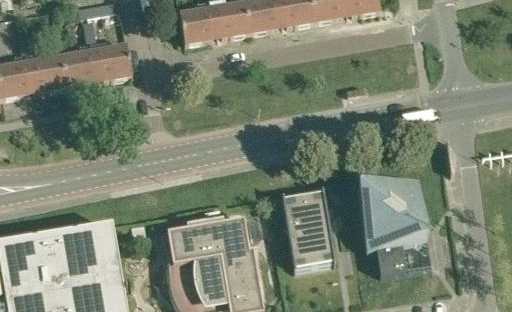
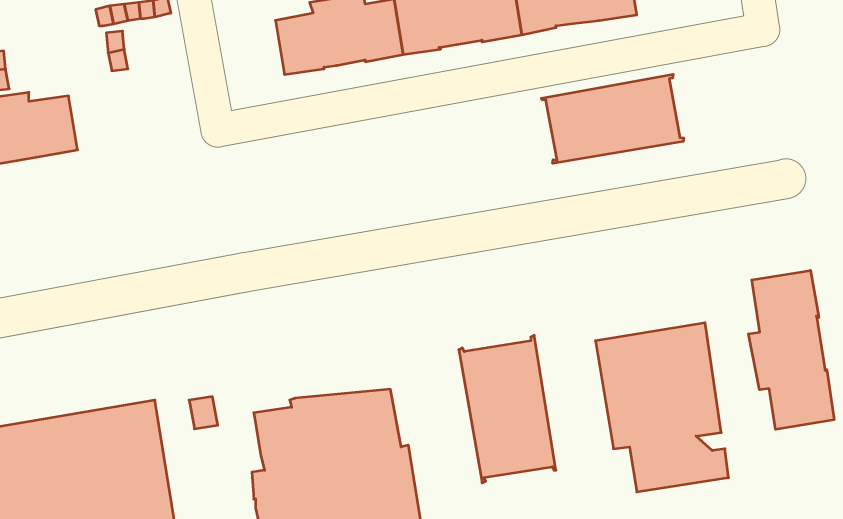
building: [63,41,131,86] -> none
building: none -> [541,74,684,163]
building: none -> [748,270,834,429]

